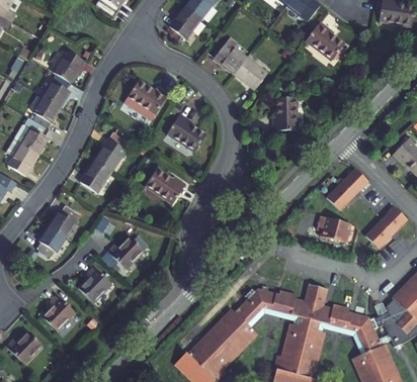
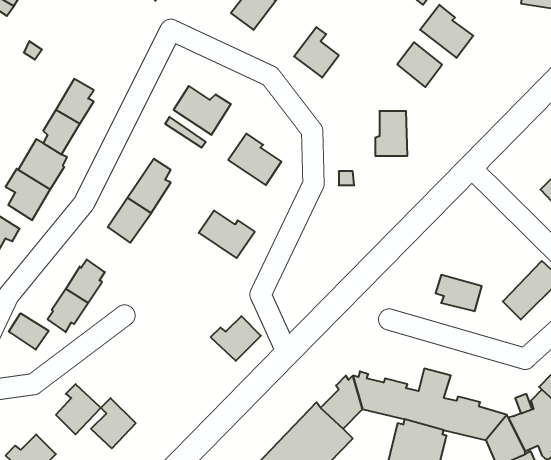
building: [53,50,83,82] -> none
building: [235,57,267,89] -> [397,42,442,87]
building: [327,167,368,209] -> none
building: [107,235,144,268] -> [211,316,261,361]
building: none -> [9,313,49,350]
building: [79,265,111,301] -> [91,398,136,448]

